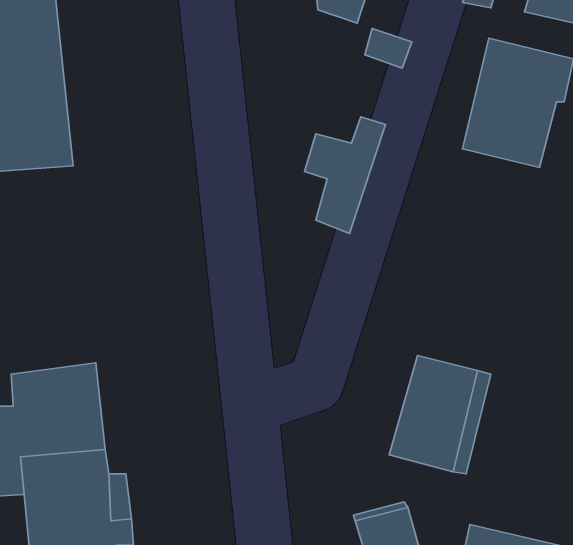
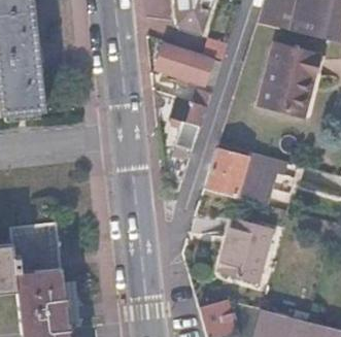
building: none -> [159,44,215,82]
building: none -> [203,144,308,206]

